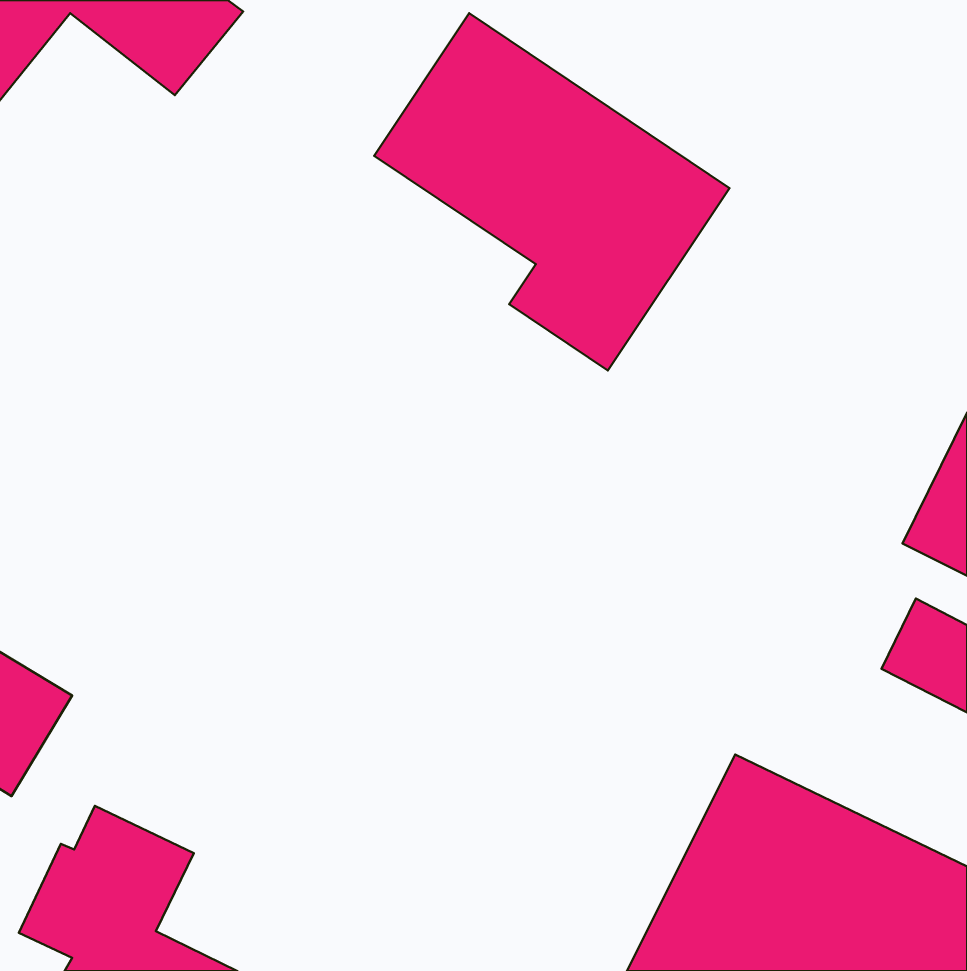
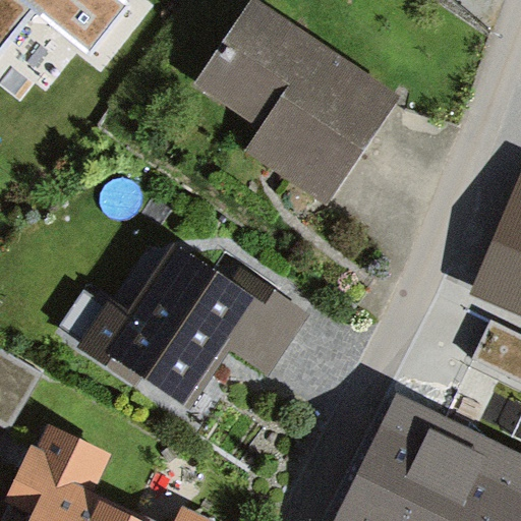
building: none -> [58,254,301,398]

